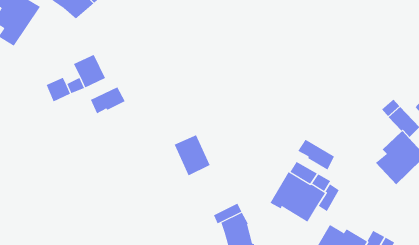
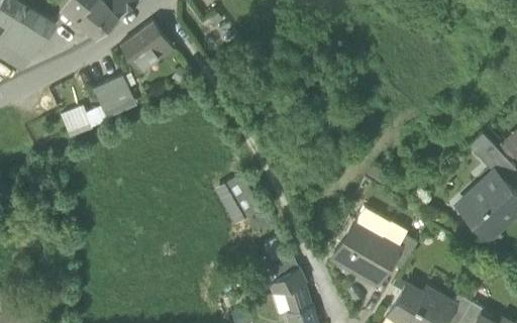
building: none -> [122,23,171,70]
building: [90,86,126,114] -> none
building: [298,139,335,170] -> none

